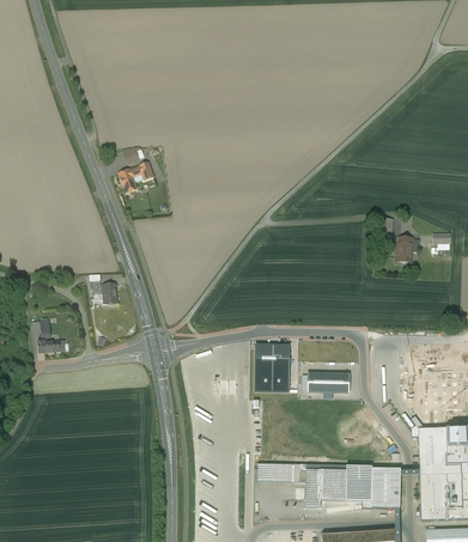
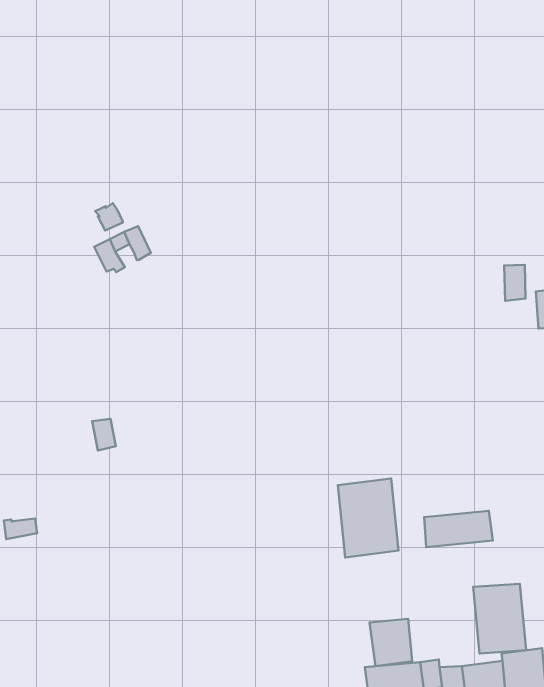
building: none -> [473,584,526,653]
building: none -> [370,619,412,666]

